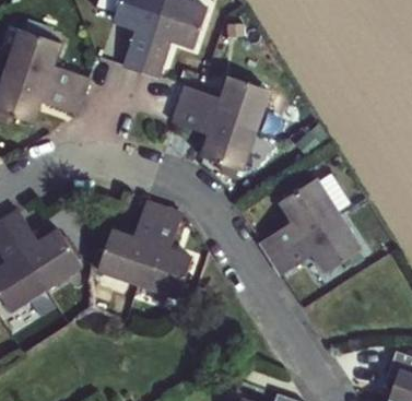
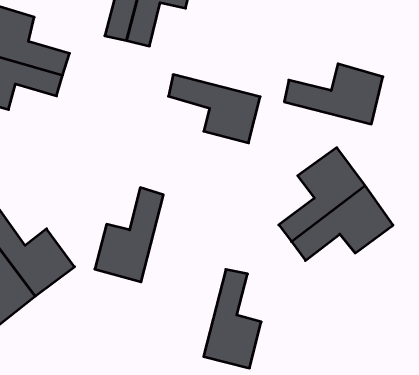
building: [178,75,266,130] -> [284,64,383,124]
building: [137,209,189,296] -> [204,269,261,368]

